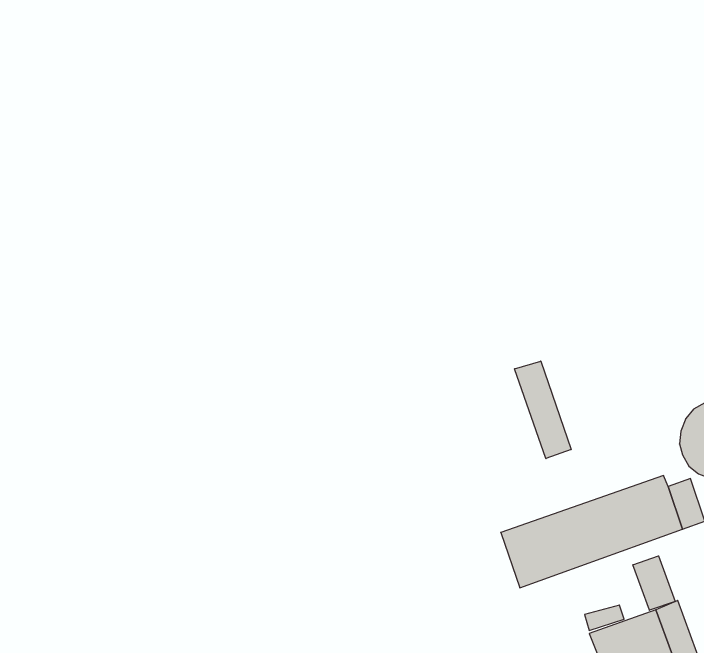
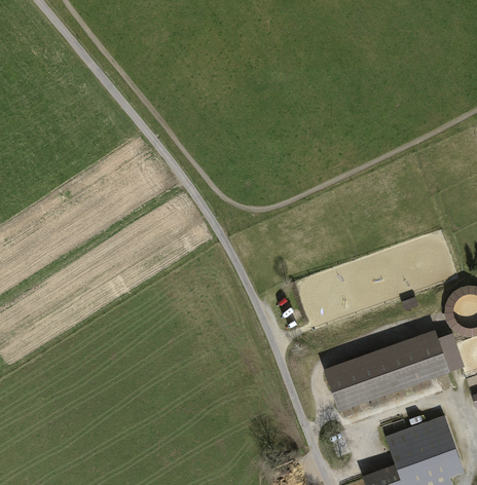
building: [515,361,571,459] -> none
building: [633,556,675,610] -> none

